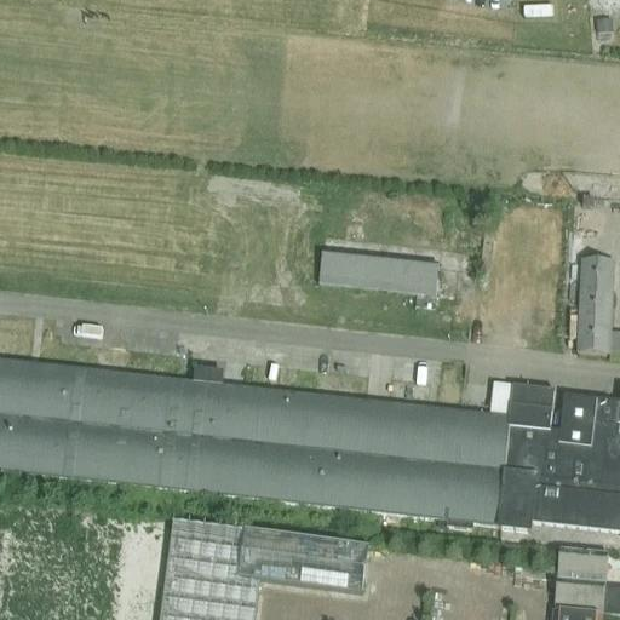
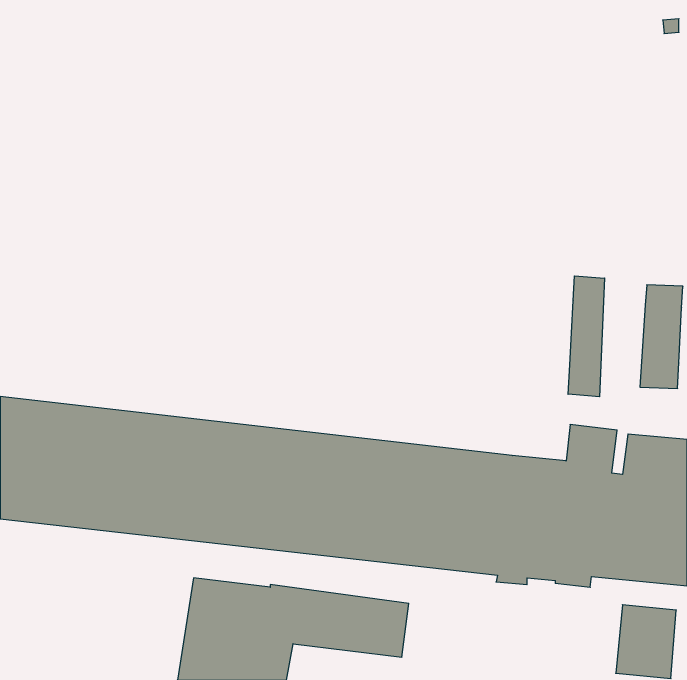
building: none -> [568,276,605,397]
building: [318,252,438,294] -> none

